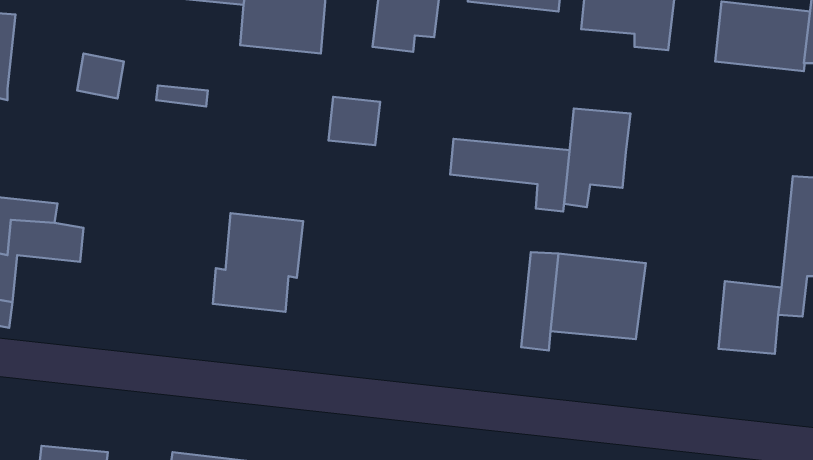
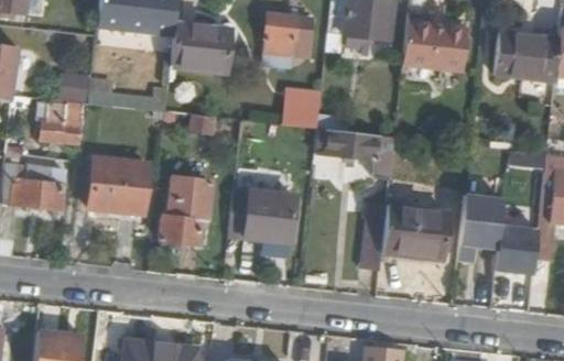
building: [328,97,380,145] -> [284,88,319,121]
building: none -> [47,100,83,142]
building: [564,109,631,207] -> [459,195,505,262]
building: none -> [88,158,149,216]
building: none -> [246,188,295,239]

